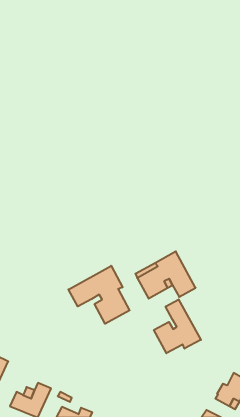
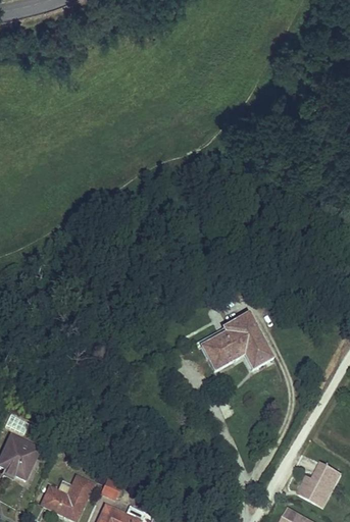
building: [68,266,130,324] -> none
building: [154,299,201,353] -> none

